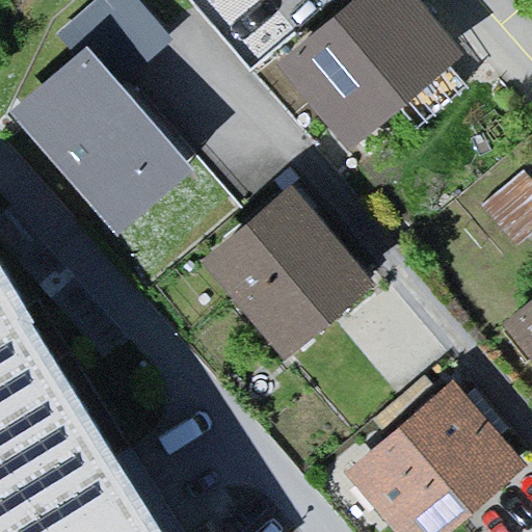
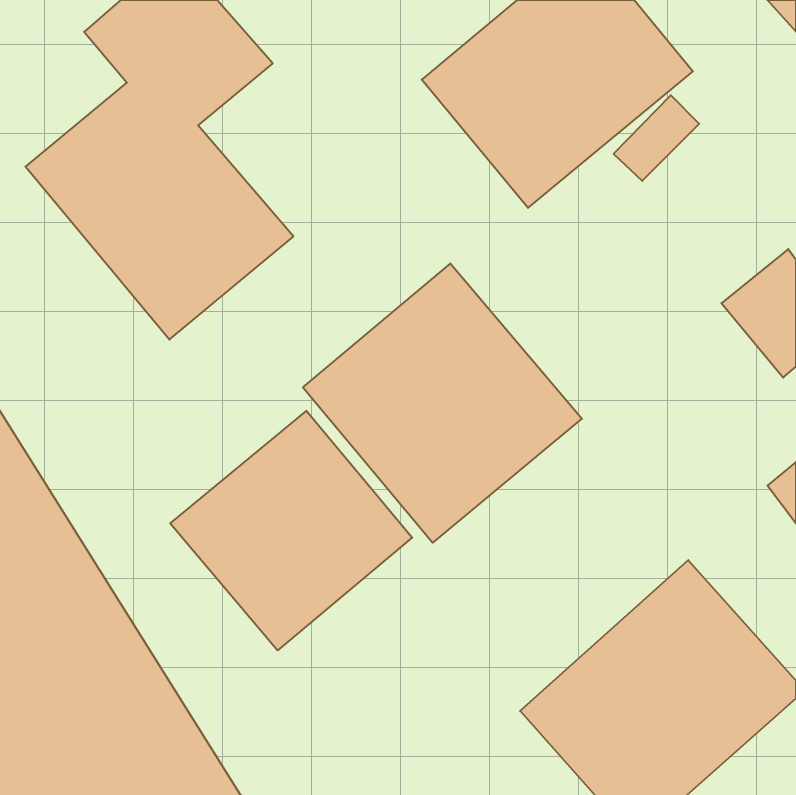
building: none -> [170,411,412,650]

